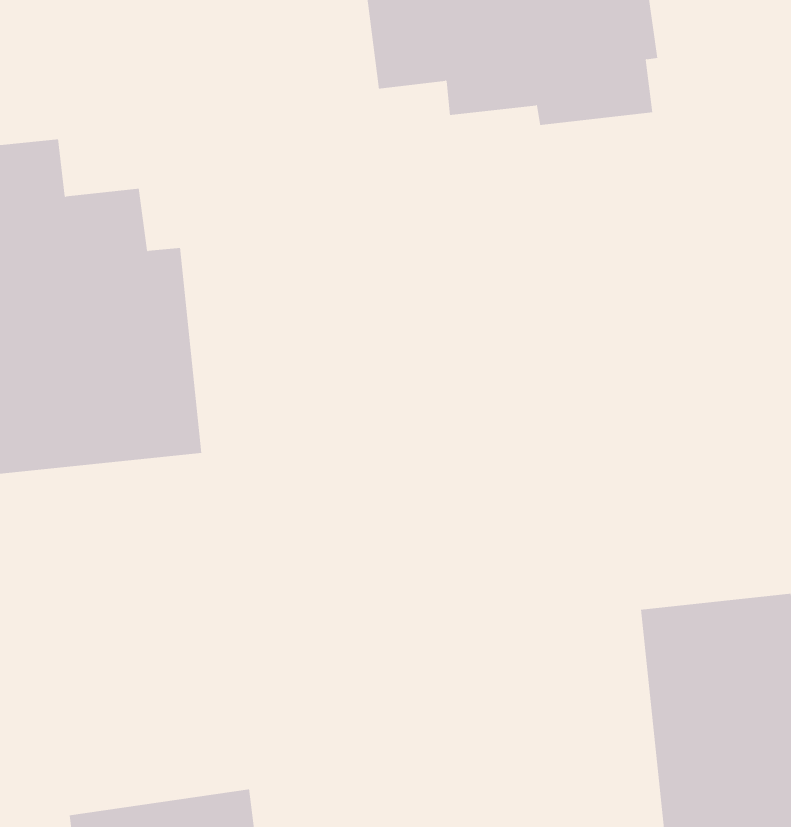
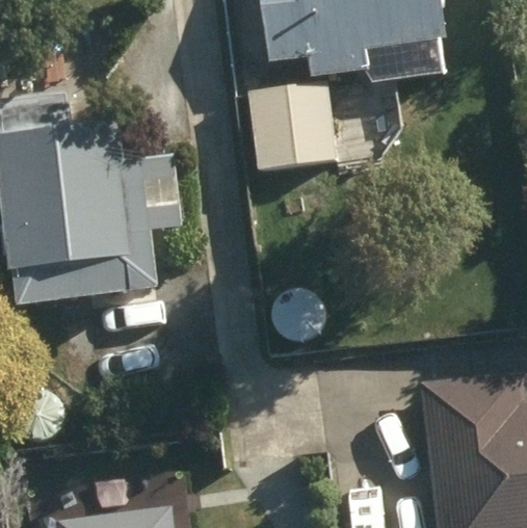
building: none -> [248,83,333,173]

